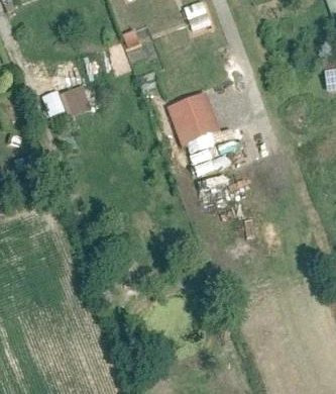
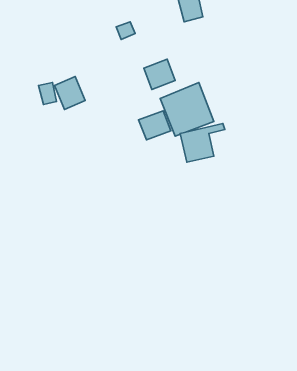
building: none -> [144,59,175,89]
building: none -> [139,111,171,140]

